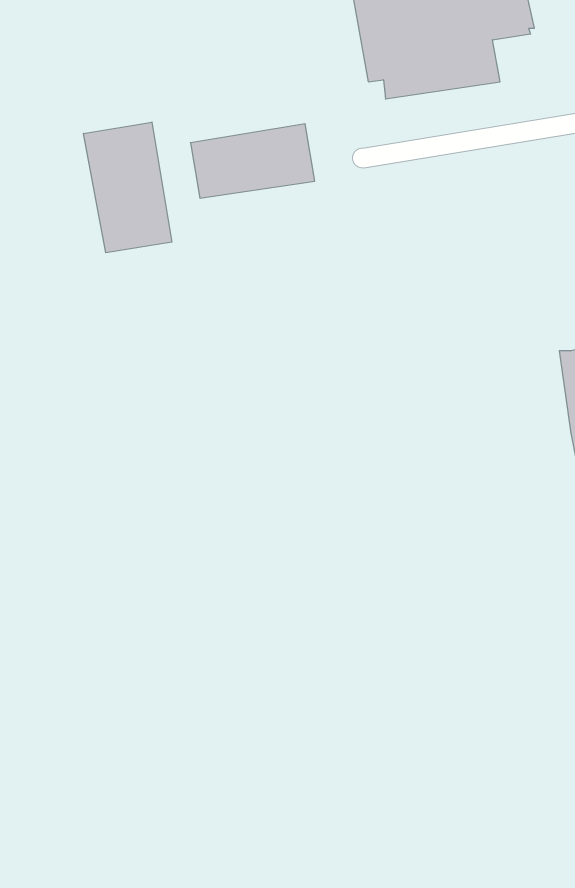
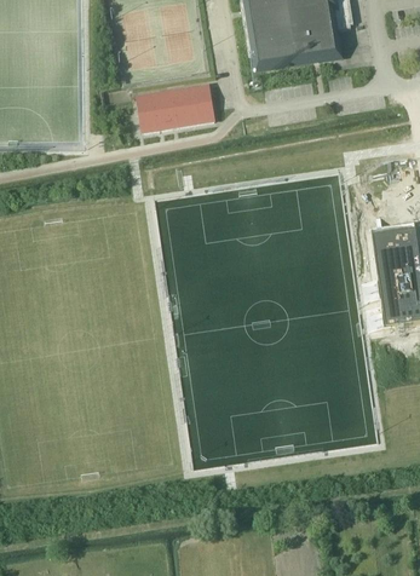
building: [84,122,172,253] -> none

